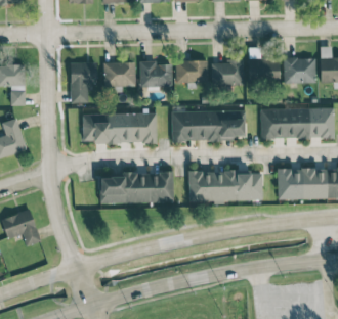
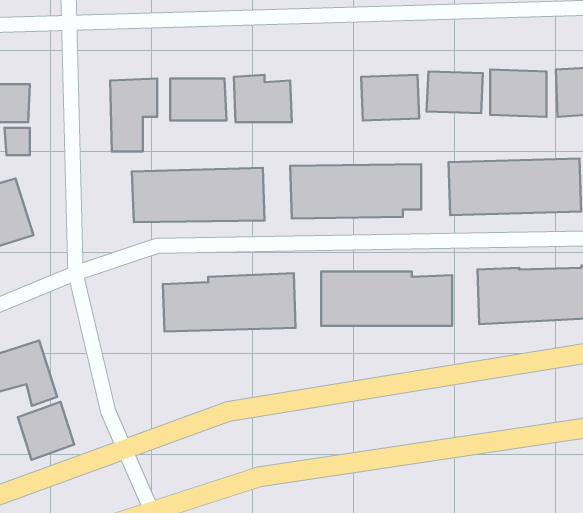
building: [175,60,208,83] -> none
building: none -> [18,402,74,460]

